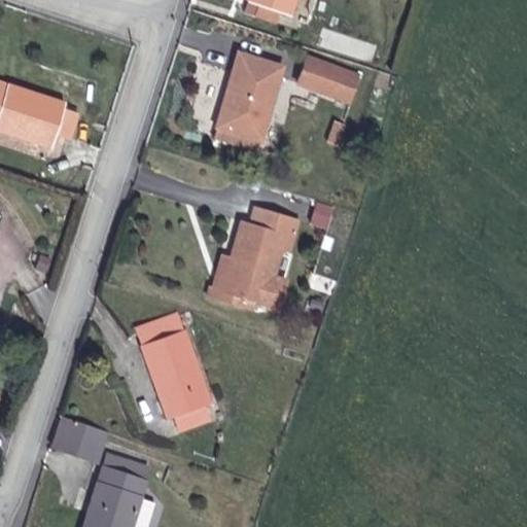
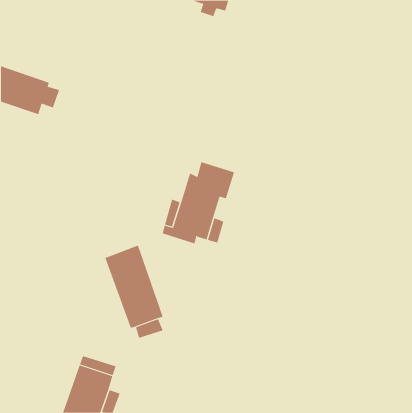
building: [216,55,282,149] -> none
building: [298,58,357,103] -> none
building: [56,417,107,459] -> none

